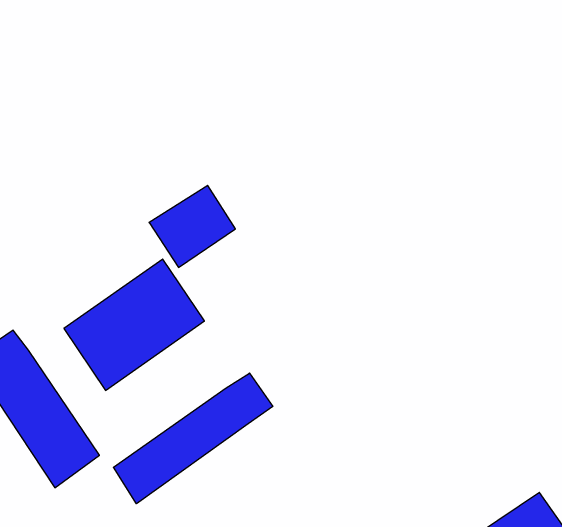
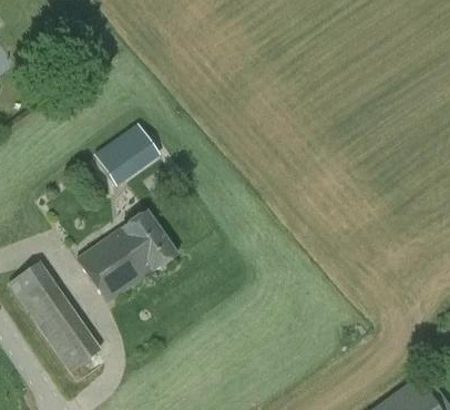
building: [149,185,235,267] -> [102,122,164,181]
building: [113,373,273,504] -> none

